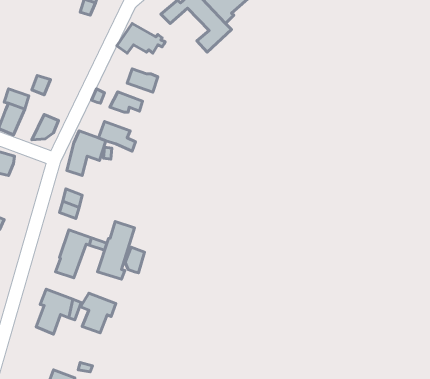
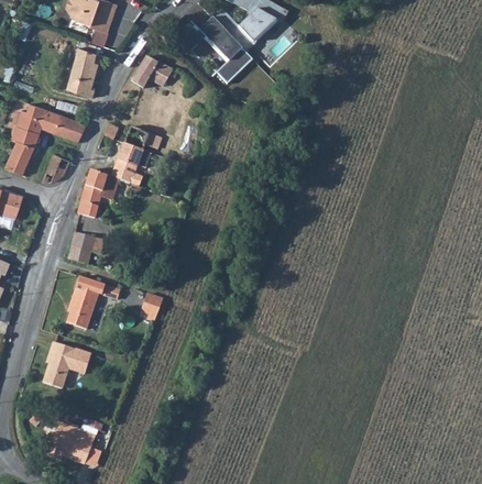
building: none -> [65,46,100,96]
building: [127,69,158,92] -> [118,144,151,169]
building: none -> [14,103,45,132]
building: none -> [53,114,83,139]
building: [97,221,134,279] -> none
building: [80,293,116,333] -> none

